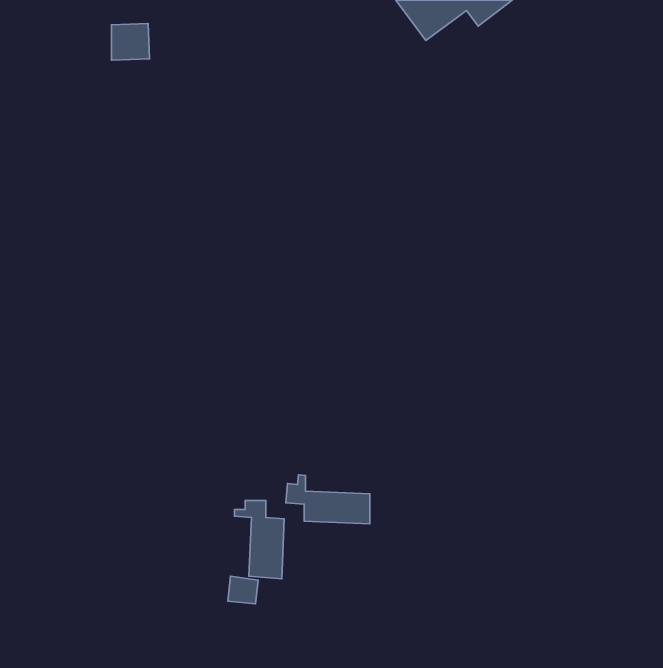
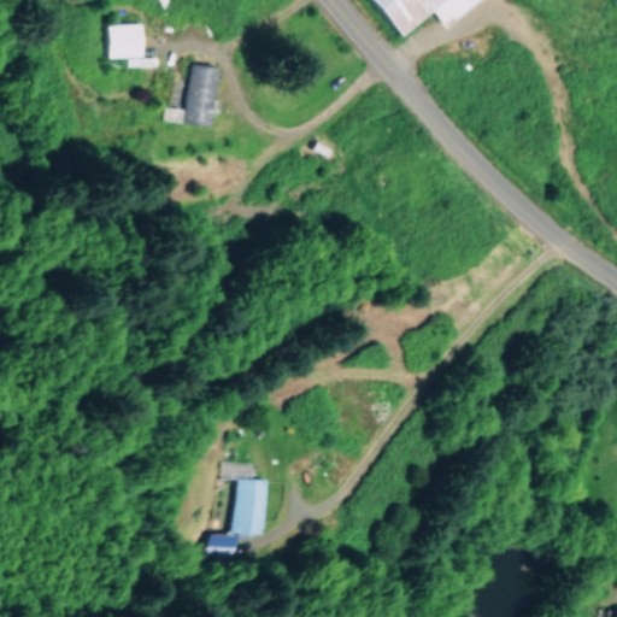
building: none -> [163,63,219,127]
building: [286,475,370,524] -> none

